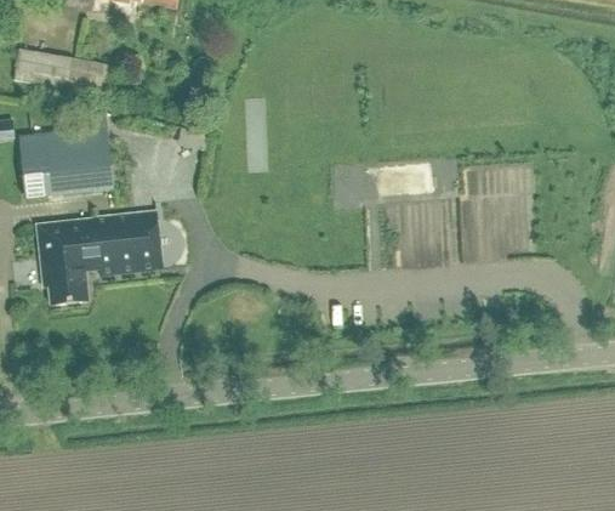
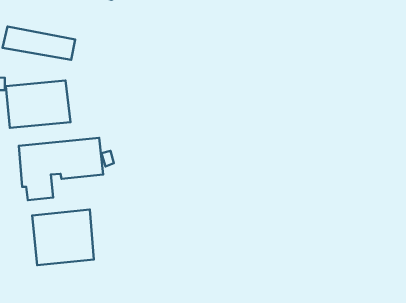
building: none -> [32,209,94,265]

